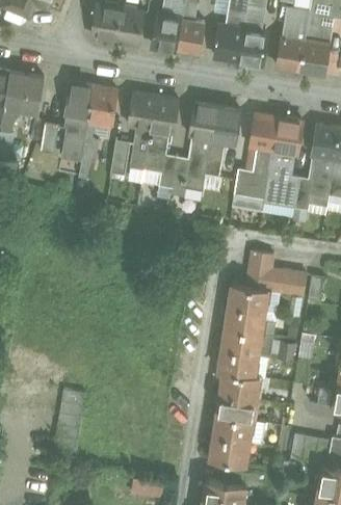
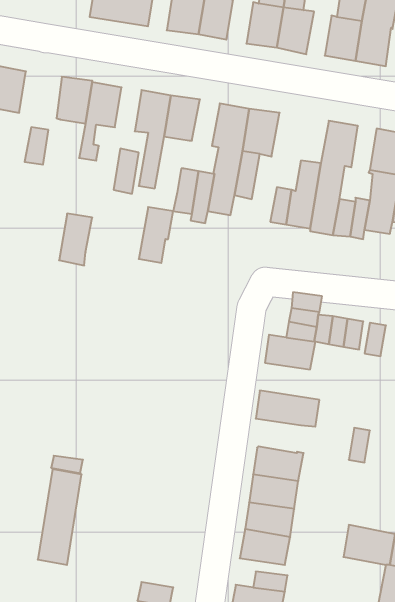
building: [251,114,280,151] -> none
building: [63,116,89,157] -> [59,214,92,265]
building: [143,130,170,174] -> [139,207,173,263]
building: [226,307,274,336] -> none
building: [219,350,258,377] -> none

